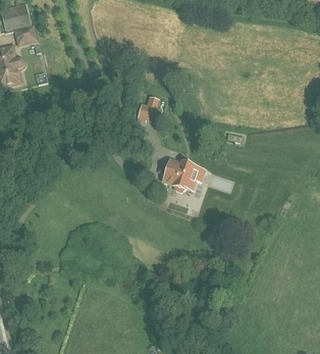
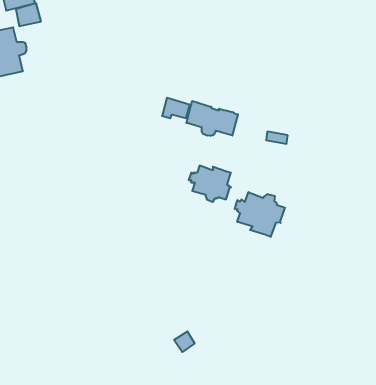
building: none -> [186,101,238,136]
building: none -> [235,192,285,237]

